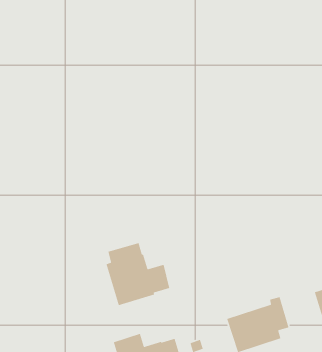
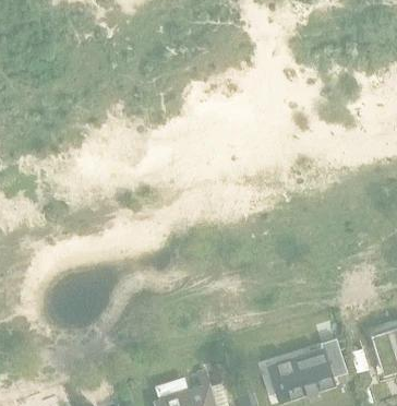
building: [105,242,170,306] -> none

